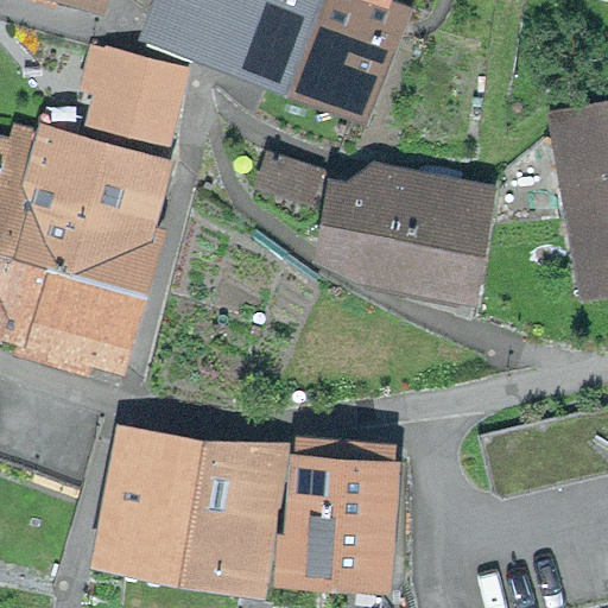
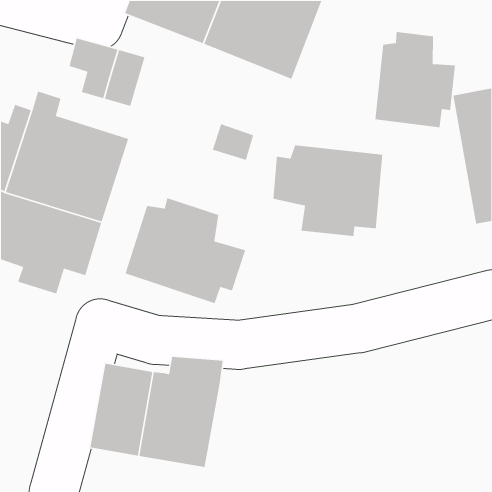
building: none -> [375,31,456,128]
building: none -> [125,197,246,304]
building: [286,441,386,570] -> none

